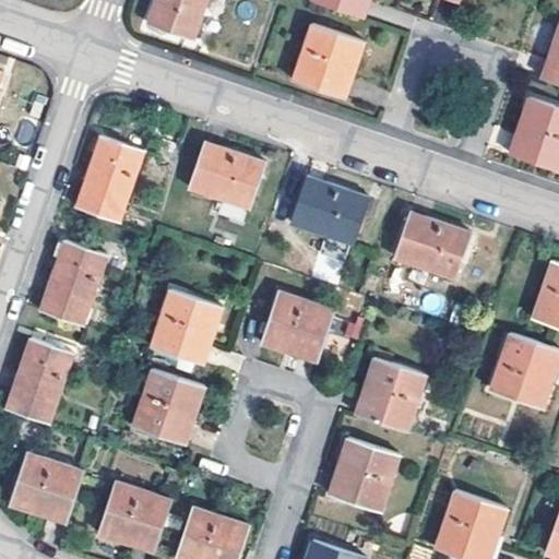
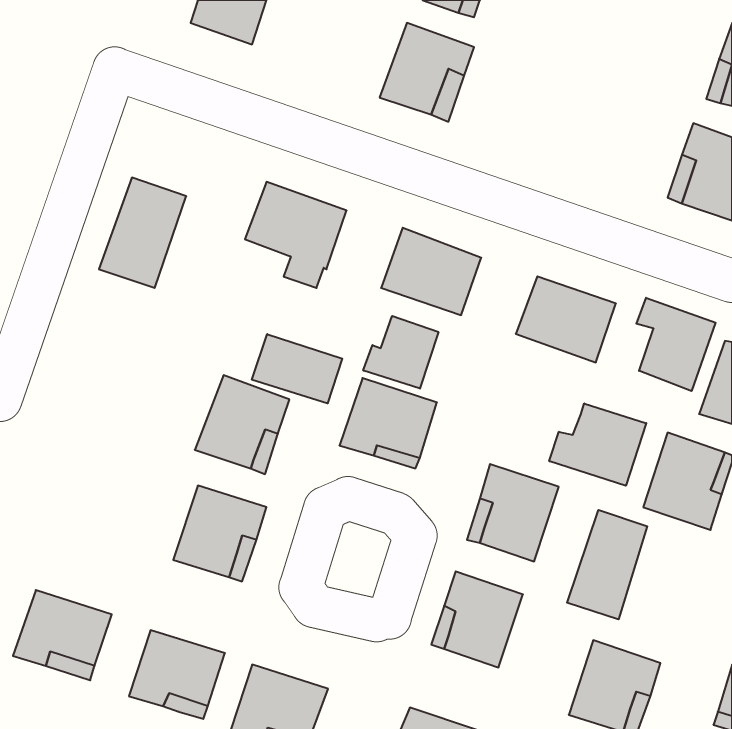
building: none -> [636,298,716,391]
building: [39,241,106,326] -> none
building: none -> [363,316,438,389]
building: none -> [252,334,342,403]
building: none -> [549,403,646,486]
building: [5,340,73,424] -> none
building: none -> [567,510,647,619]

